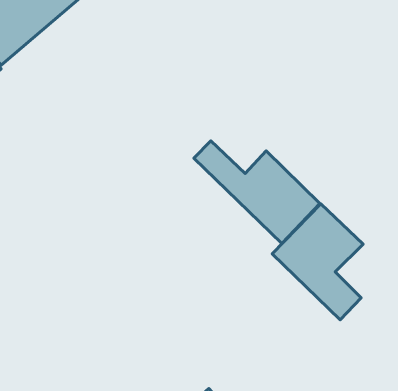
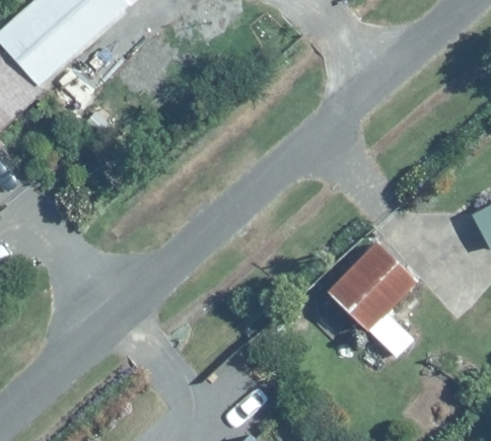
building: [194,141,320,244] -> none

